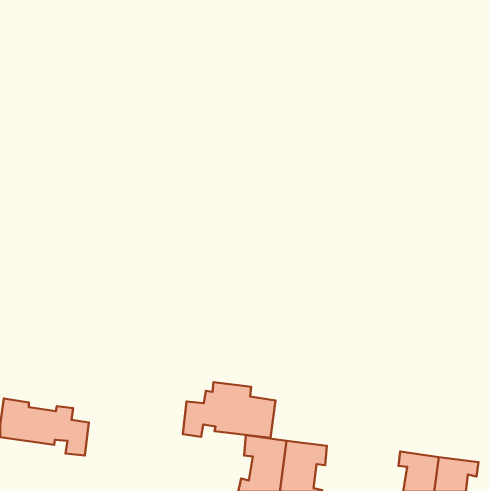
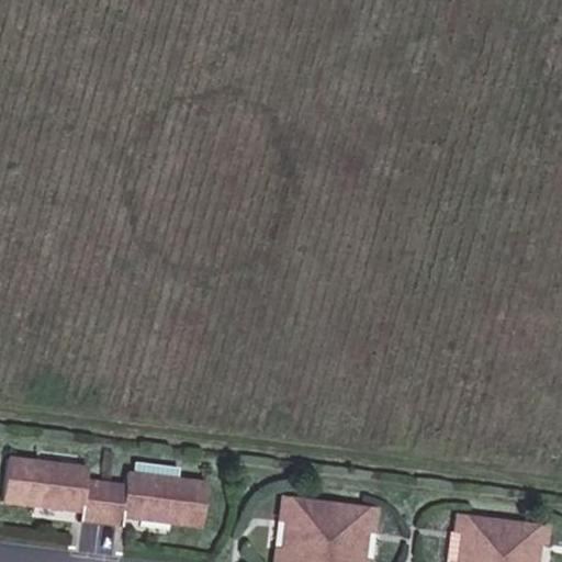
building: [183,382,275,438] -> [101,461,206,525]

